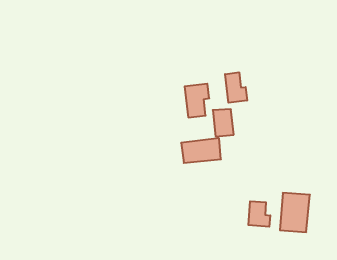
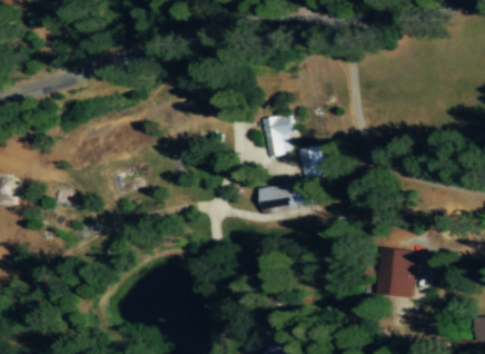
building: [225,72,247,103] -> none
building: [248,201,270,227] -> none

